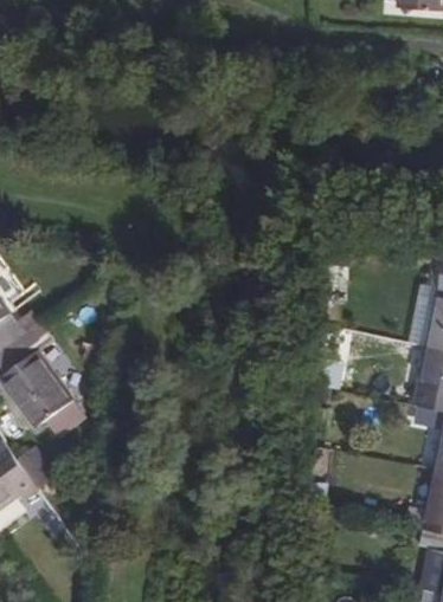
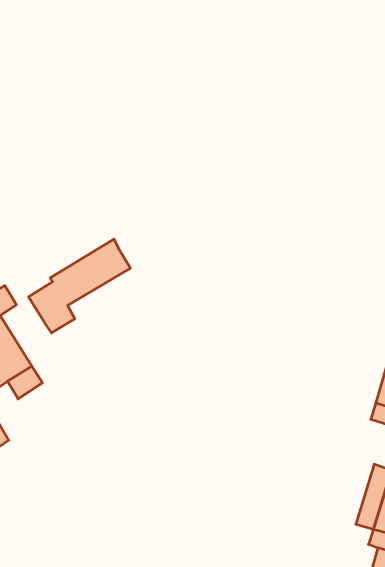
building: none -> [29,239,130,333]

